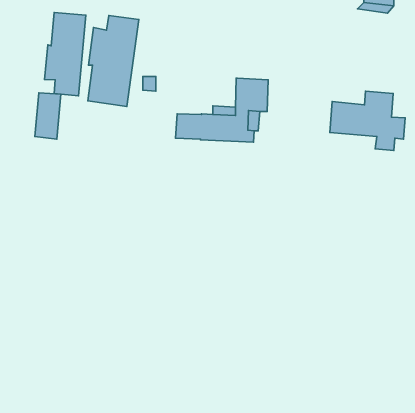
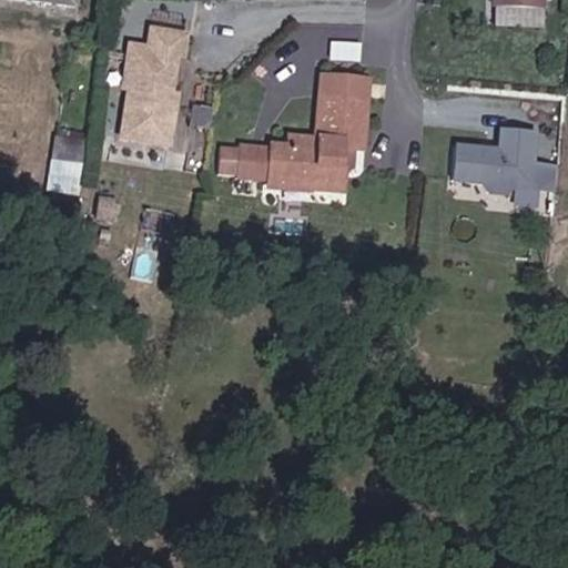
building: [44,13,86,96] -> none
building: none -> [324,83,366,109]

